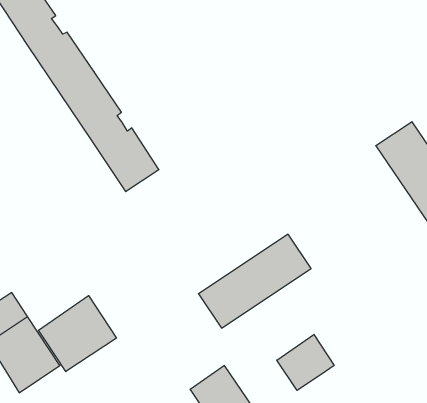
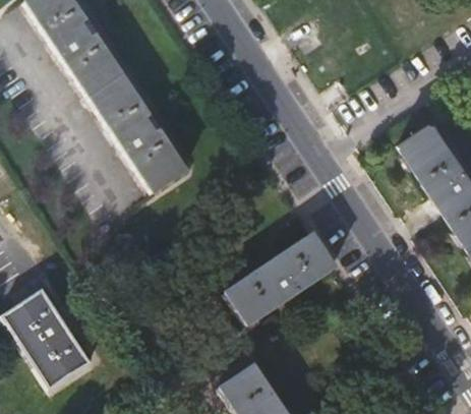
building: [39,296,116,372] -> none
building: [277,334,334,390] -> none

